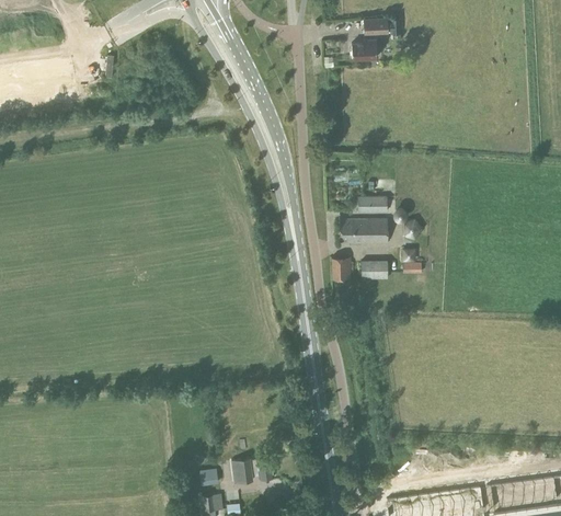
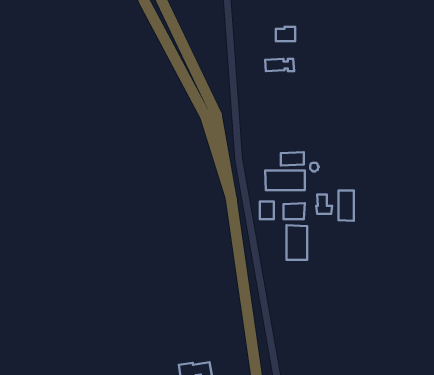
building: [365,19,401,34] -> [265,59,294,71]
building: none -> [338,190,354,221]
building: none -> [287,225,307,260]

